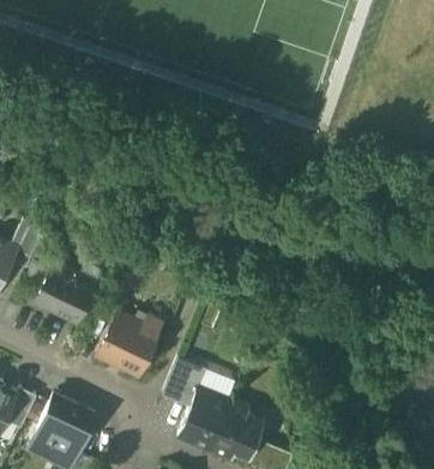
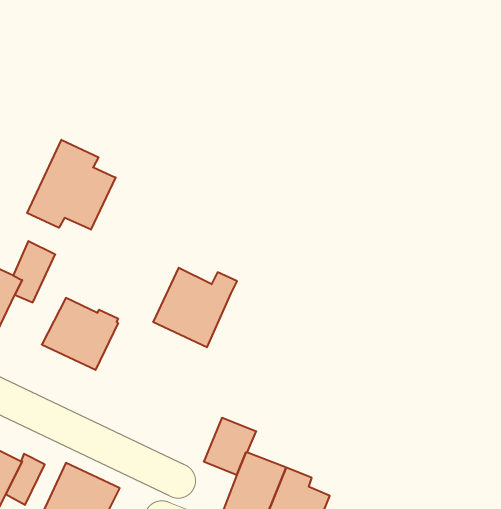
building: none -> [27,140,116,230]
building: [96,312,163,375] -> [153,268,237,347]

